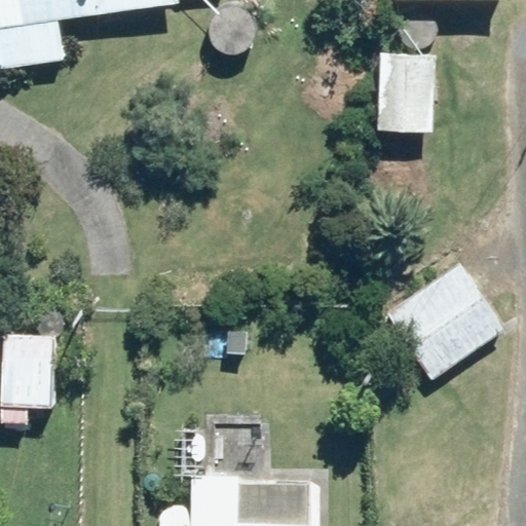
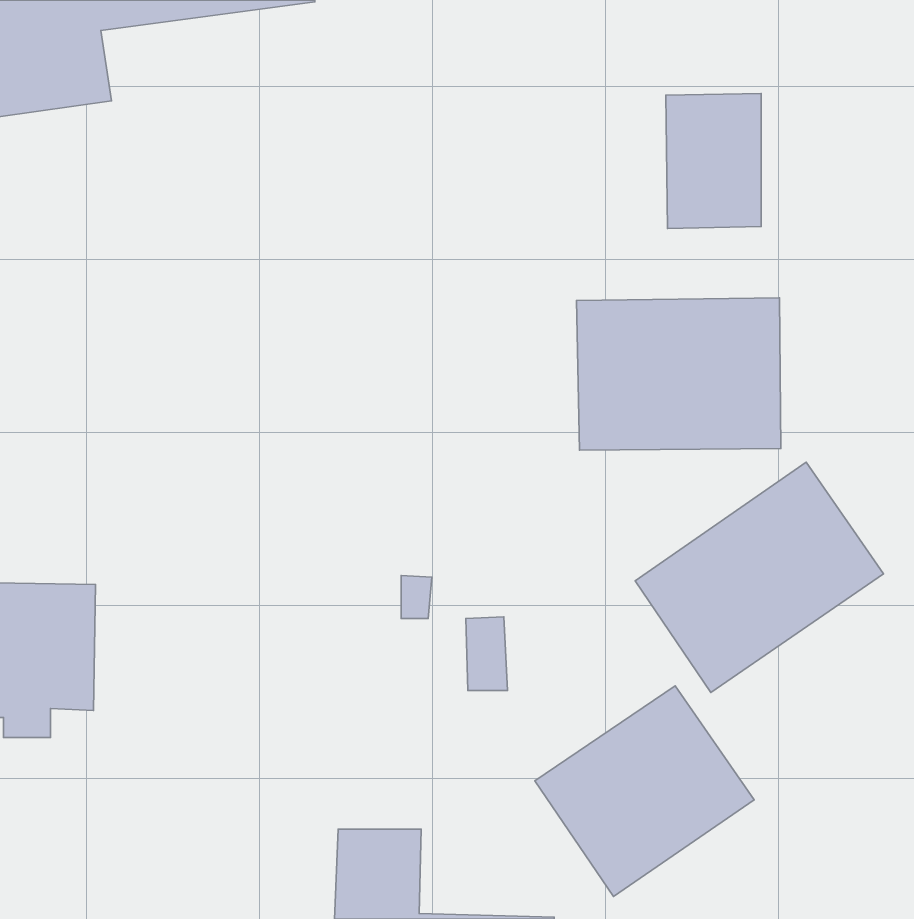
building: none -> [577,298,781,450]
building: none -> [535,686,754,896]

